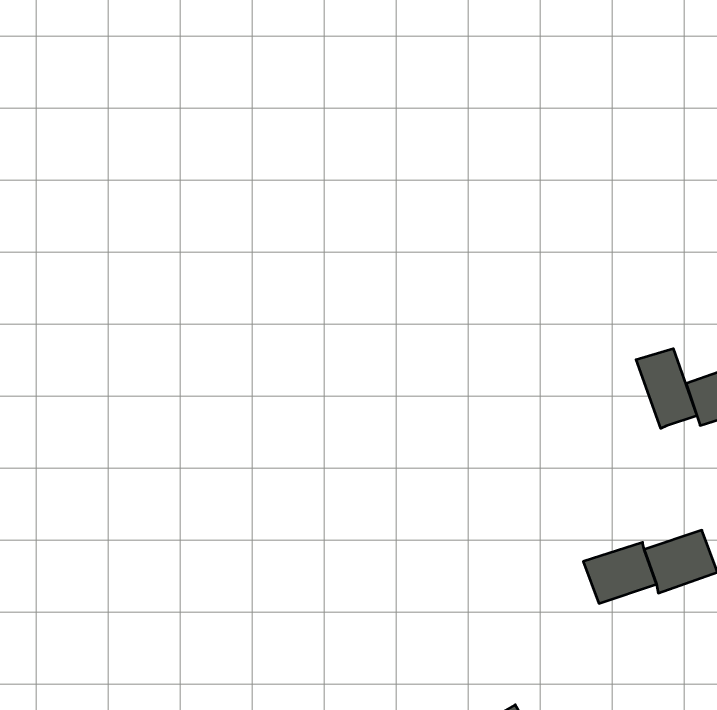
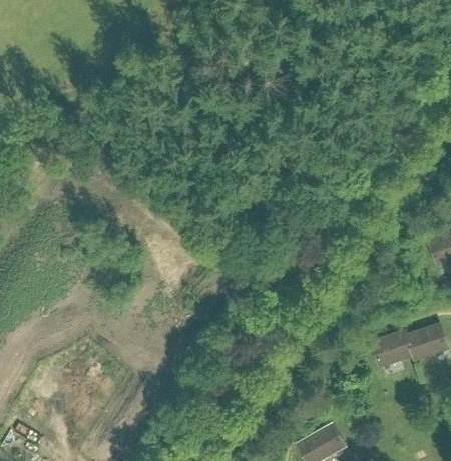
building: [636,349,697,428] -> none

